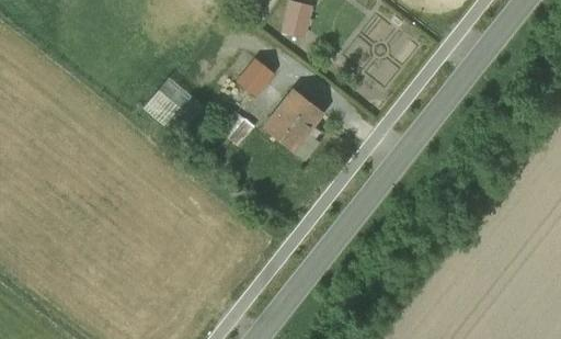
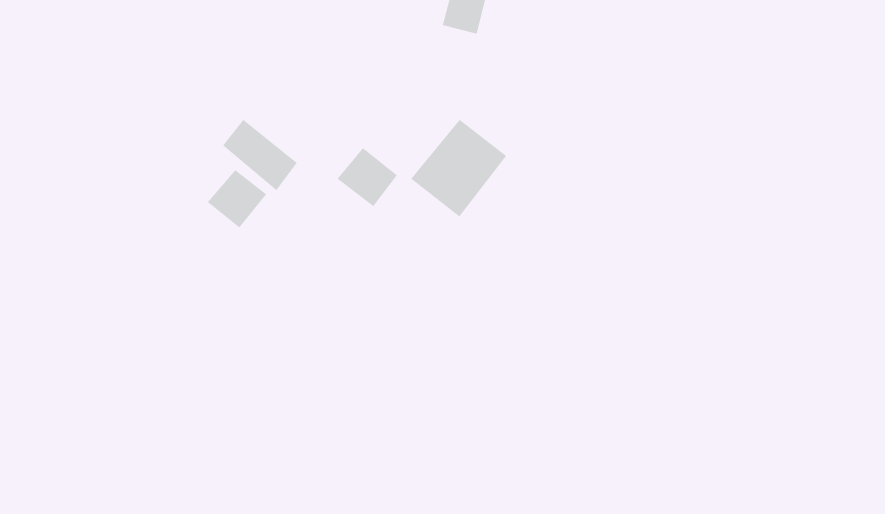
building: [239,59,273,94] -> none
building: none -> [207,169,267,229]

